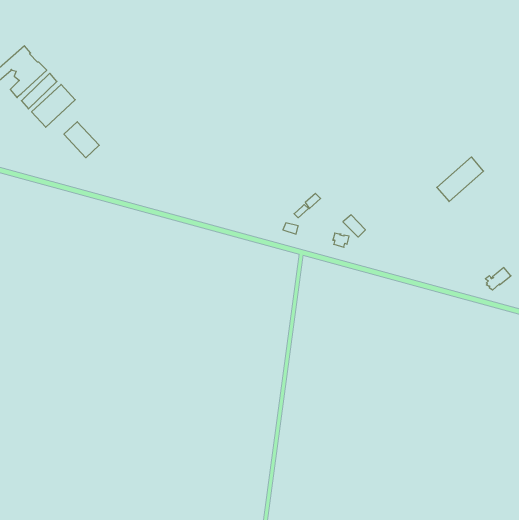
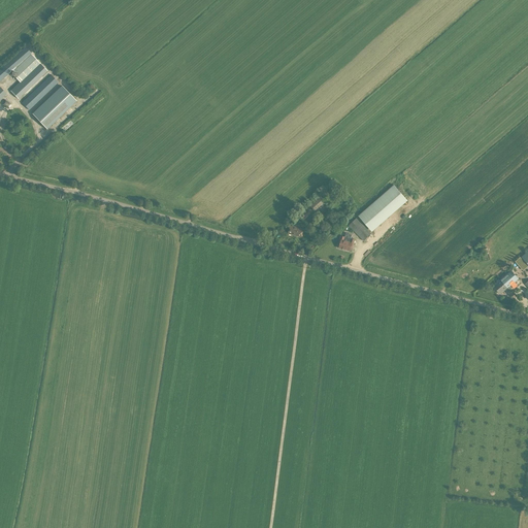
building: [64,122,99,158] -> none
building: [437,157,484,202] -> [358,185,405,230]

